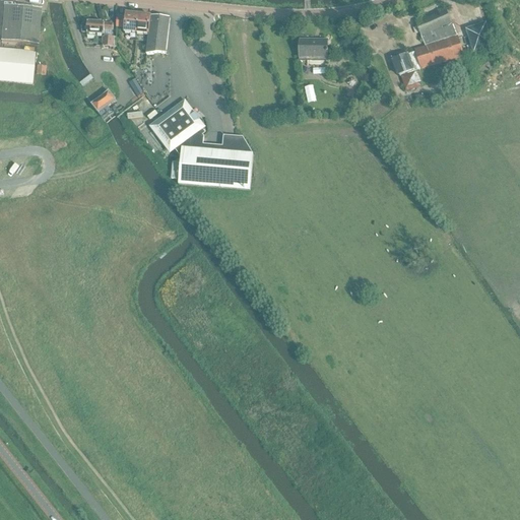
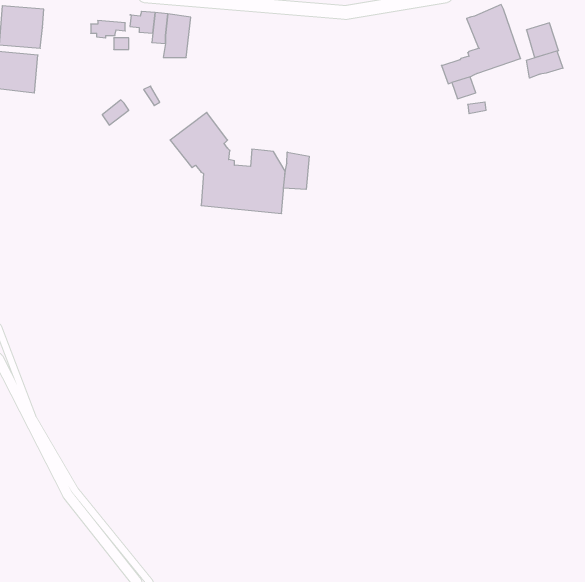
building: [298,36,328,56] -> none
building: none -> [526,51,563,78]
building: none -> [284,152,309,189]

